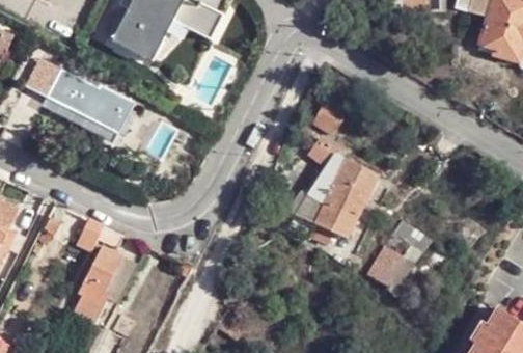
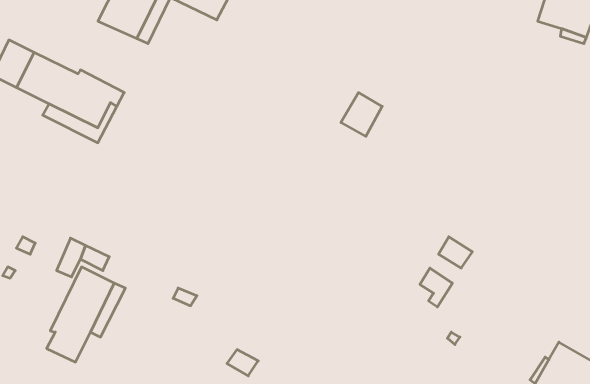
building: [297,155,374,240] -> none

